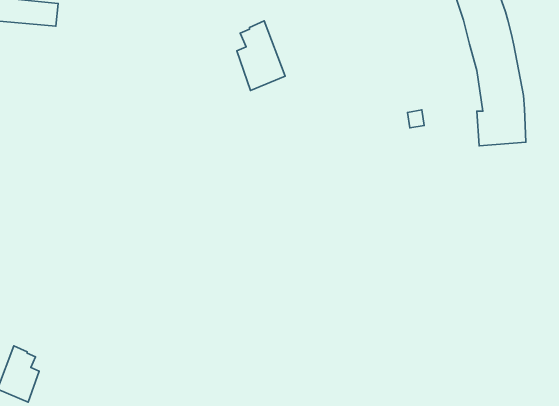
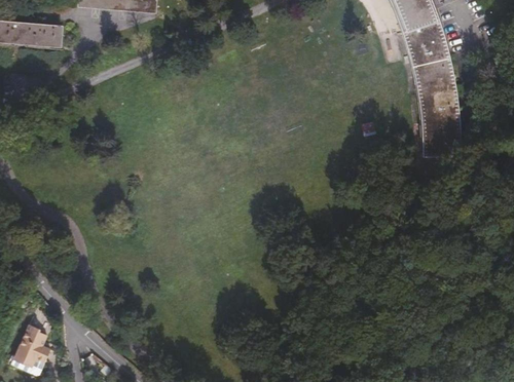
building: [237,21,285,91] -> none

